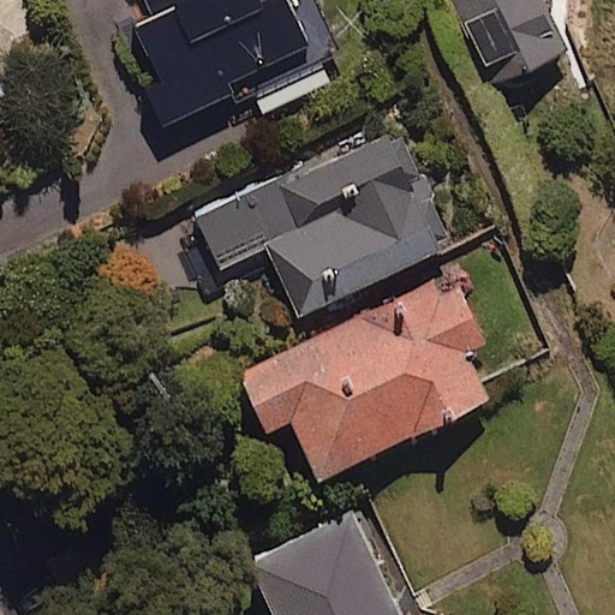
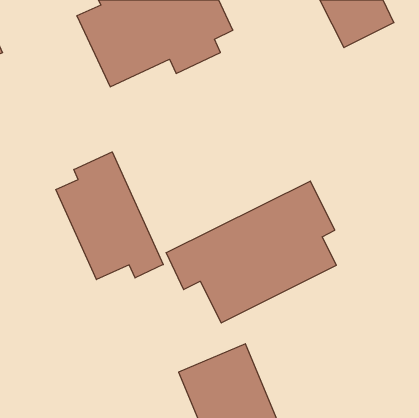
building: [187,127,447,315] -> none
building: none -> [56,152,163,280]

